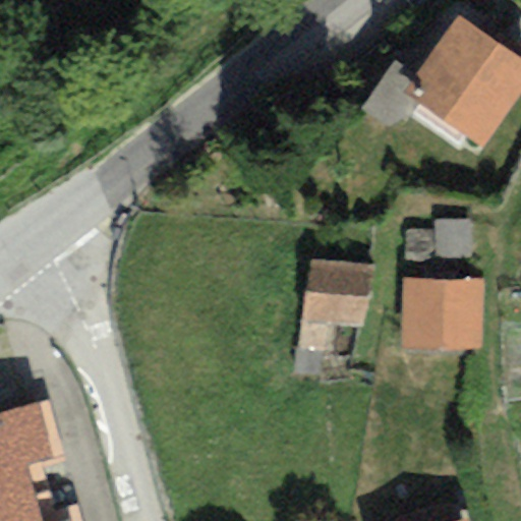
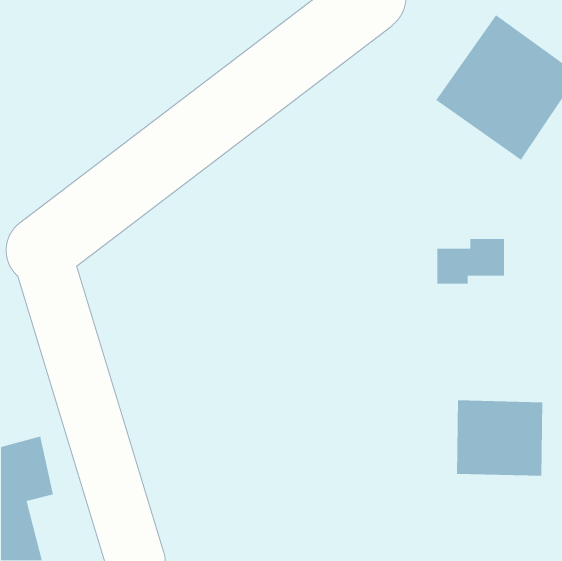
building: [299,262,369,357] -> none
building: [402,278,482,349] -> [456,400,543,477]

